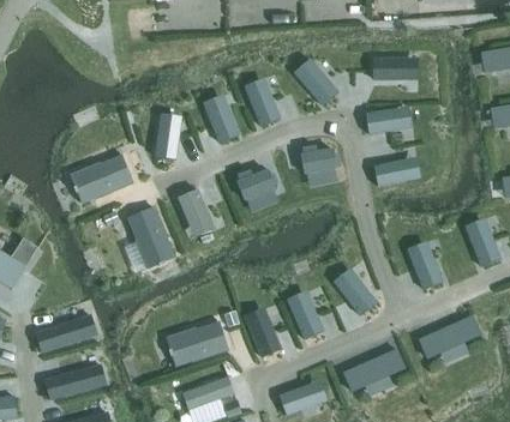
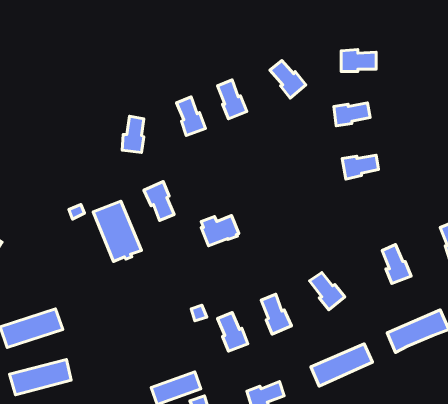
building: [301,145,336,173] -> none
building: [72,155,132,203] -> none
building: [238,169,275,199] -> [201,215,239,246]
building: [168,321,228,366] -> none

